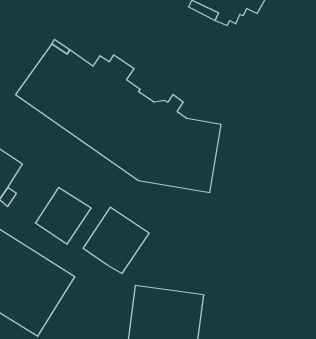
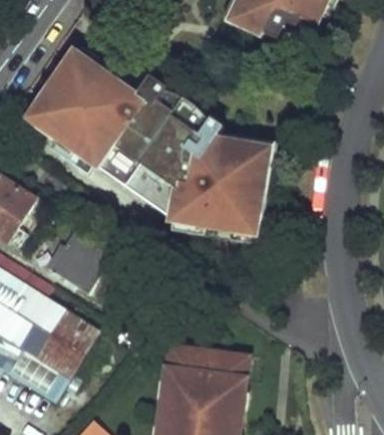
building: [83,207,149,274] -> none

